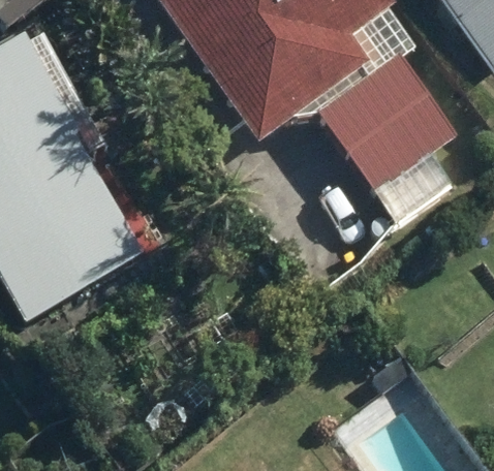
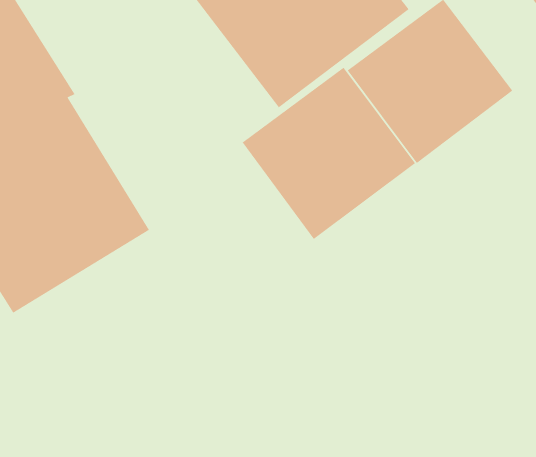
building: none -> [242,67,416,240]

